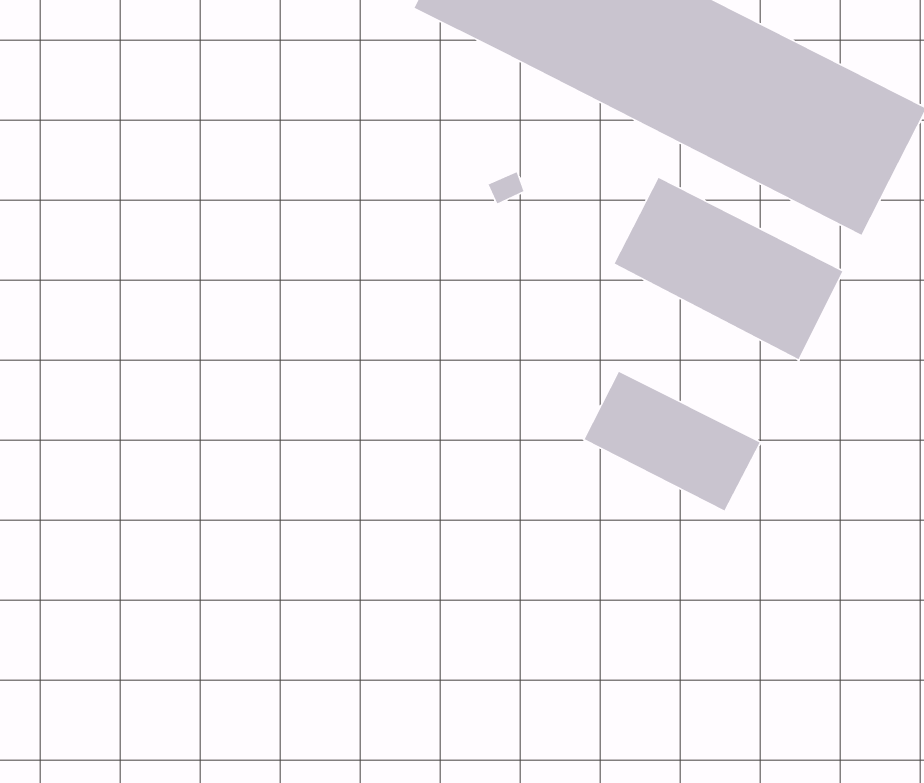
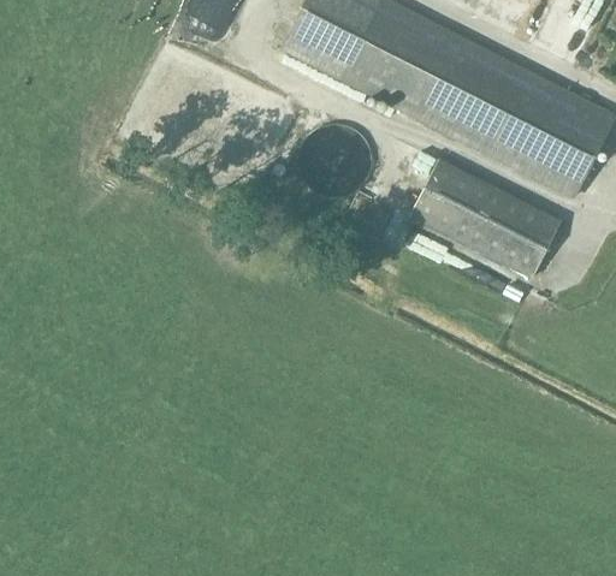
building: [584,371,761,512] -> none

